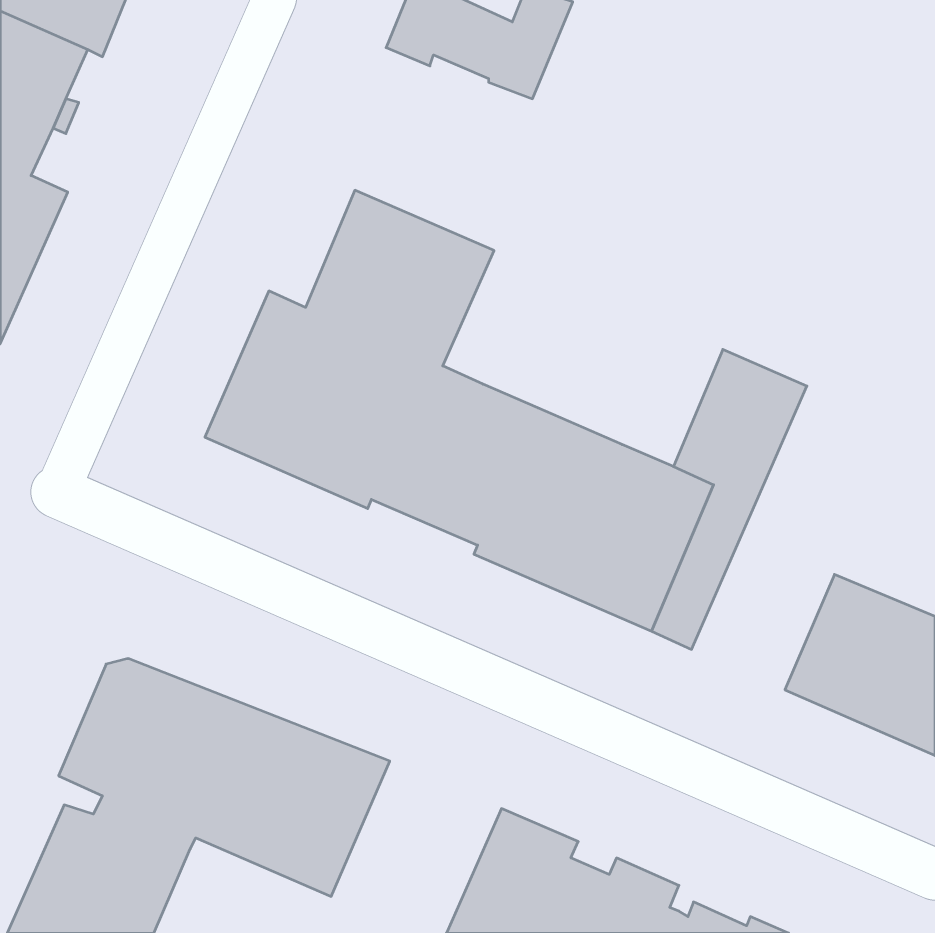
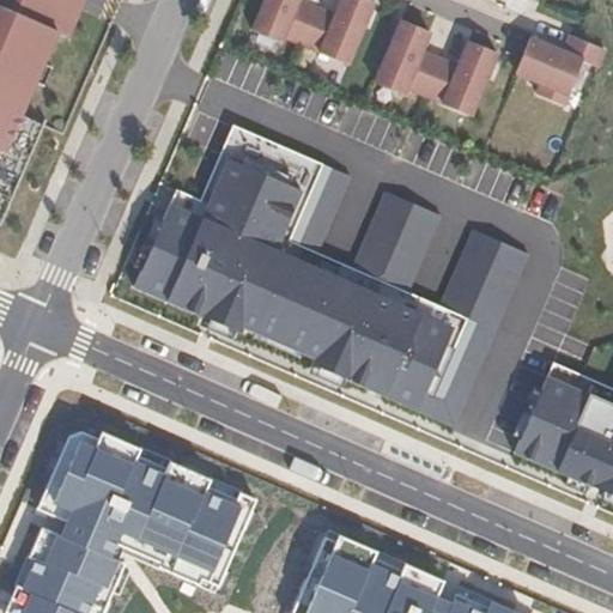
building: none -> [375,20,497,116]
building: none -> [516,35,605,105]
building: none -> [290,164,350,251]
building: none -> [352,190,441,291]

